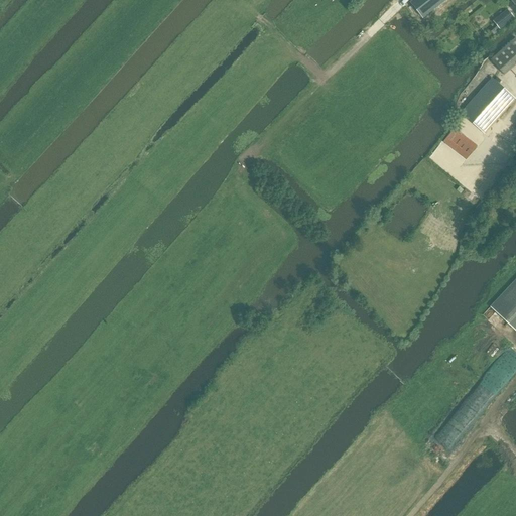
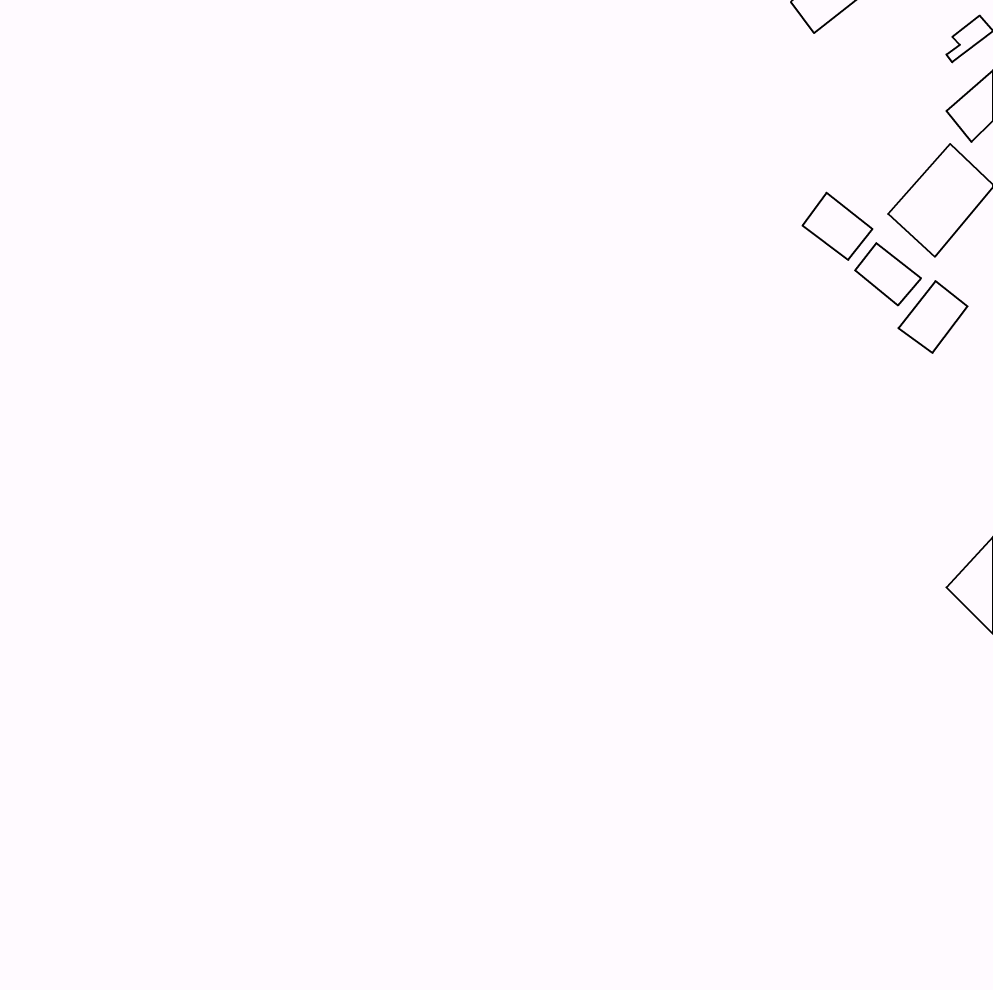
building: none -> [803,193,872,260]
building: none -> [898,281,968,353]

